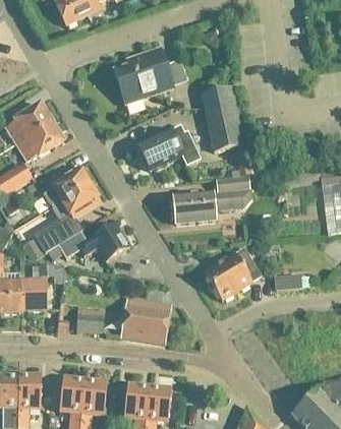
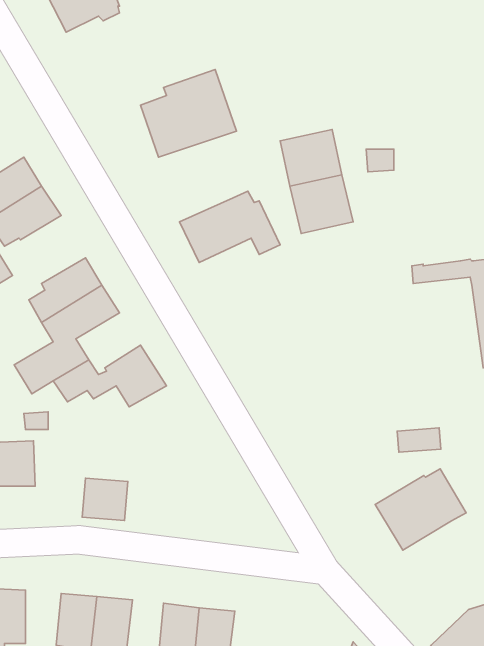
building: [173,175,250,223] -> none
building: [205,247,262,298] -> [375,469,466,550]
building: [123,299,169,341] -> none

